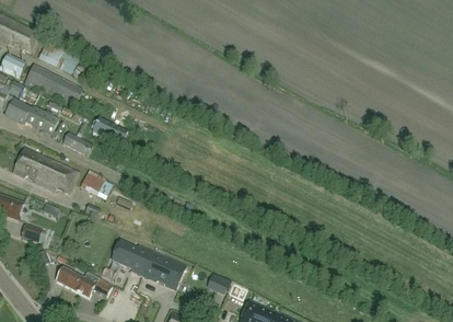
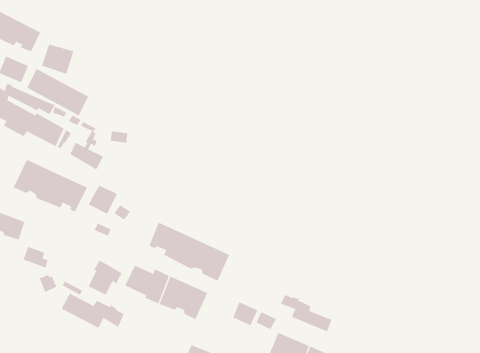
building: none -> [149,222,230,281]
building: none -> [88,259,122,296]
building: none -> [280,294,332,332]

